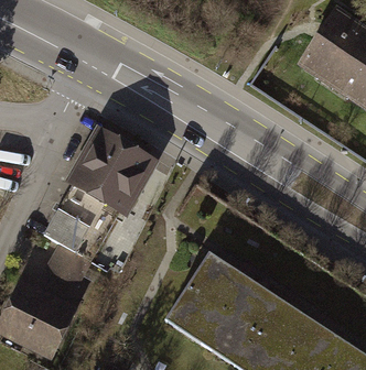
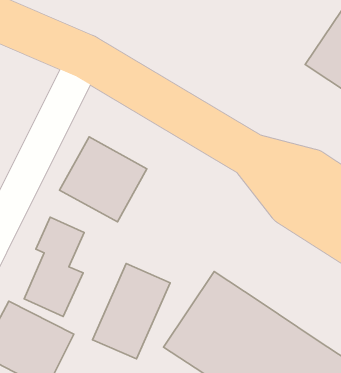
building: none -> [92,264,170,359]

